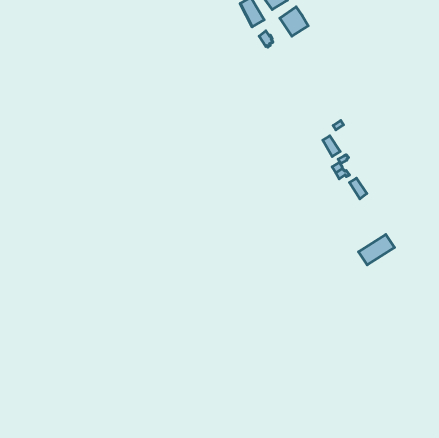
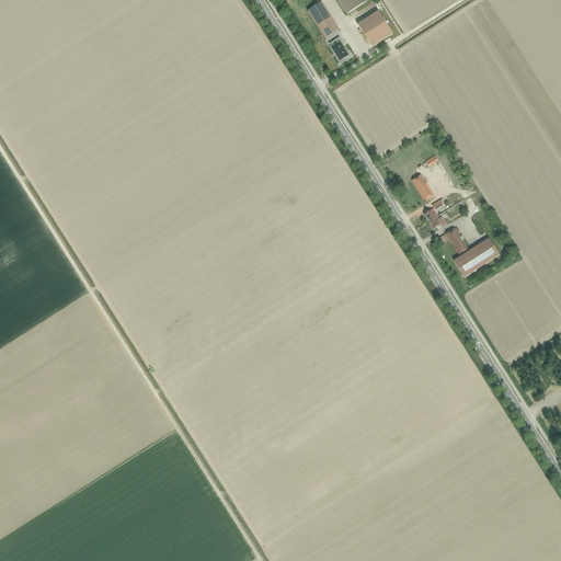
building: [358,235,395,265] -> [453,237,499,275]

